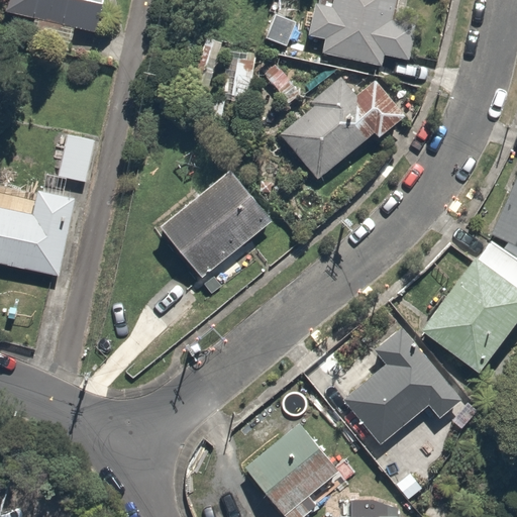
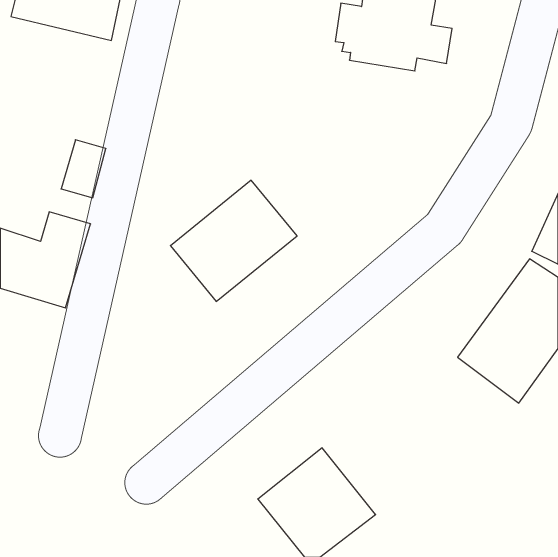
building: [278,76,406,178] -> none
building: [341,323,464,444] -> none

